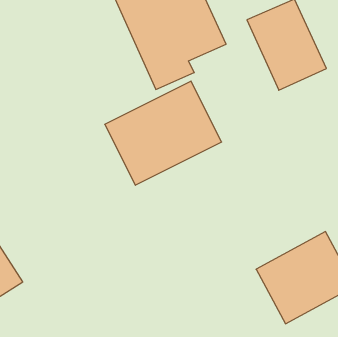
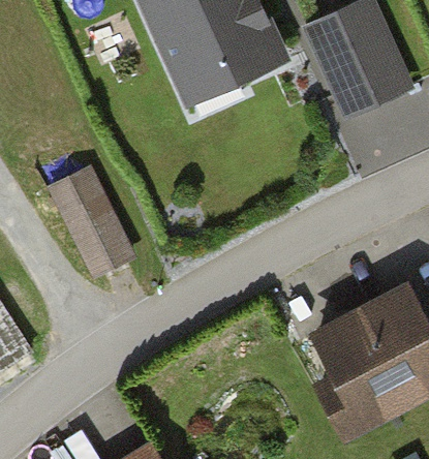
building: [105,81,222,185] -> none
building: none -> [51,170,130,272]

